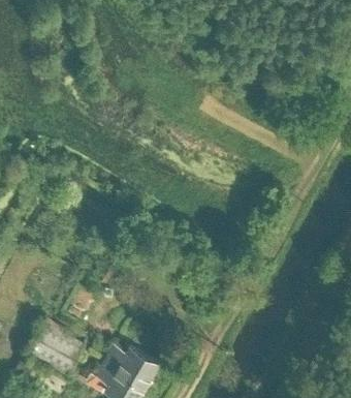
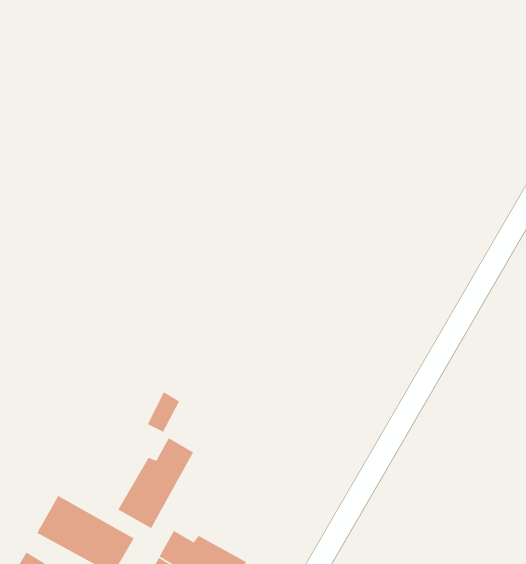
building: none -> [117,437,194,529]

